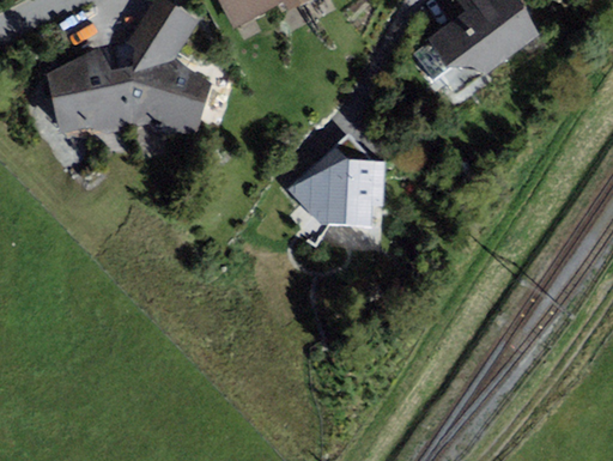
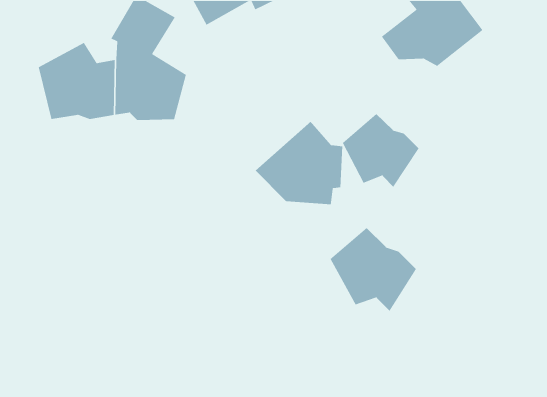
building: none -> [342,113,420,188]
building: none -> [329,227,417,312]

